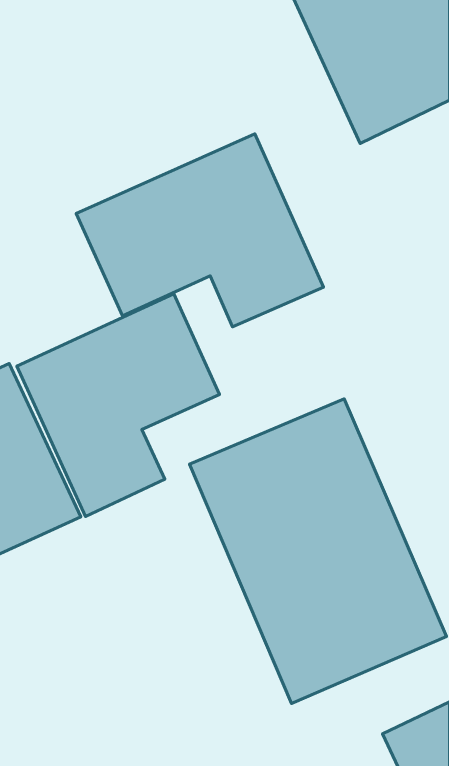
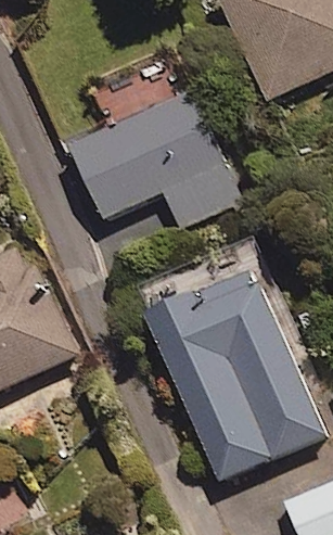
building: [17,294,219,516] -> none

